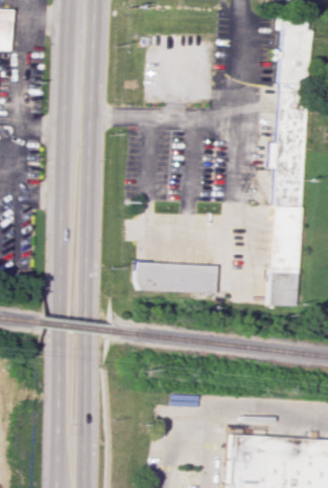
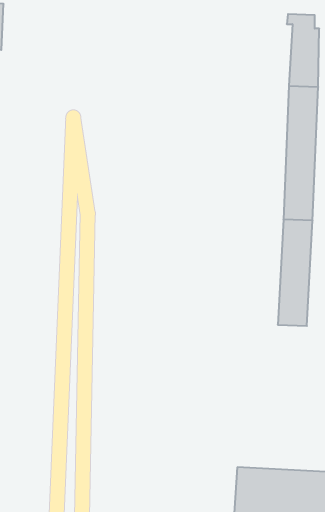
building: [138,263,214,293] -> none

